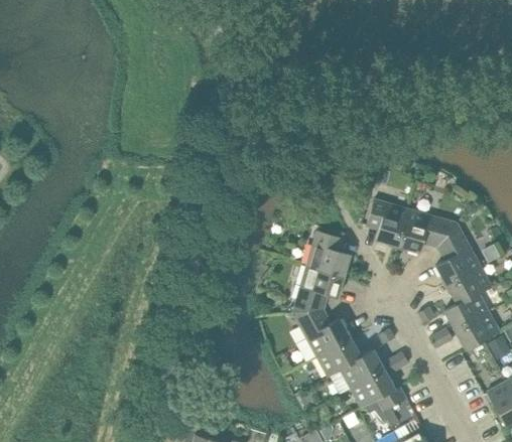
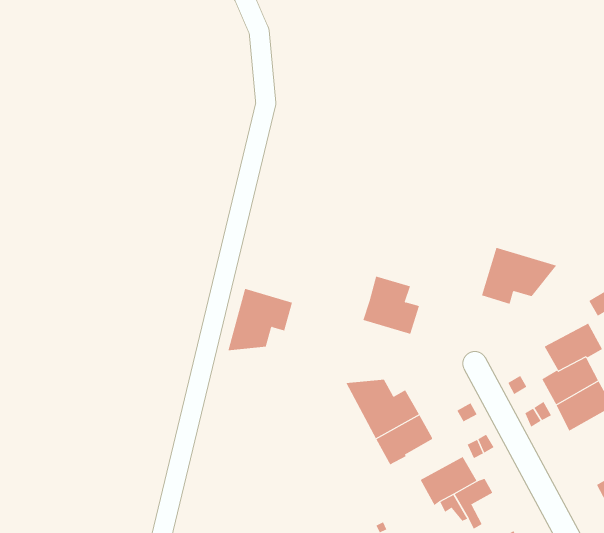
building: [366,199,409,247] -> none
building: [436,224,481,286] -> none
building: [293,266,344,314] -> [227,288,293,351]
building: [340,349,384,389] -> none

